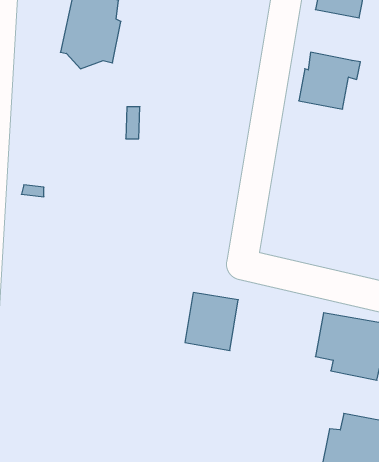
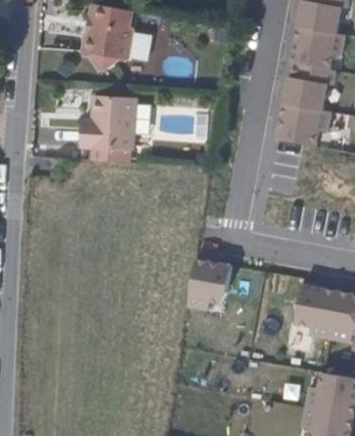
building: none -> [292,21,345,64]
building: none -> [82,98,135,164]
building: none -> [278,98,331,141]

